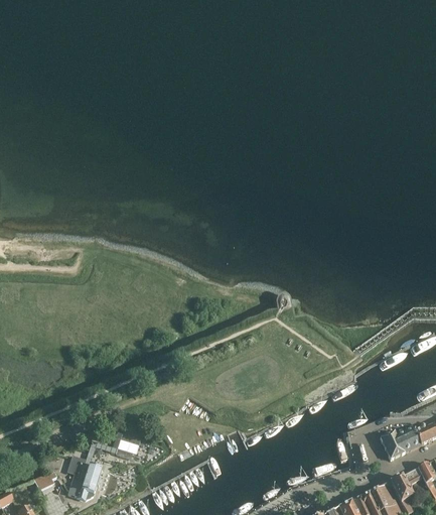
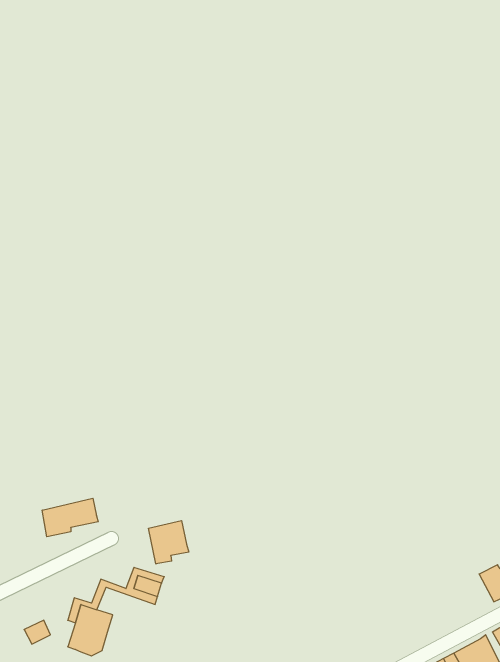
building: none -> [42,498,98,537]
building: none -> [149,521,189,564]

